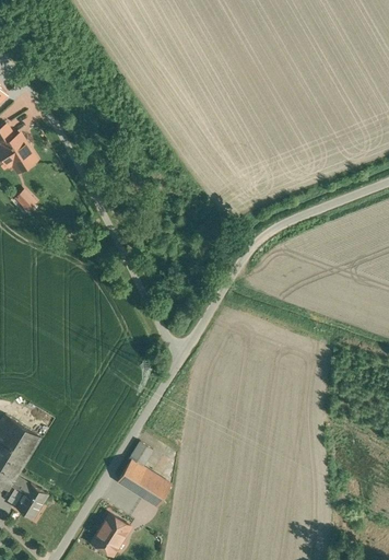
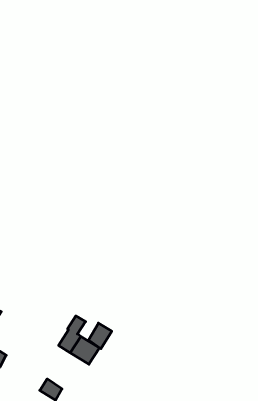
building: none -> [88,323,112,349]
building: [102,508,135,540] -> none

